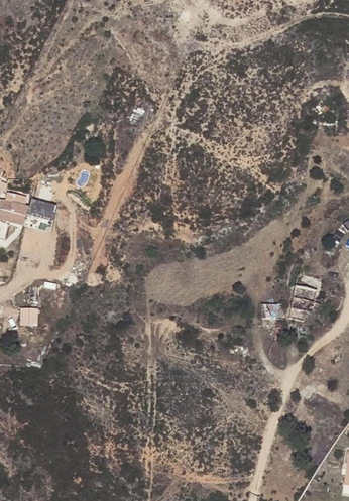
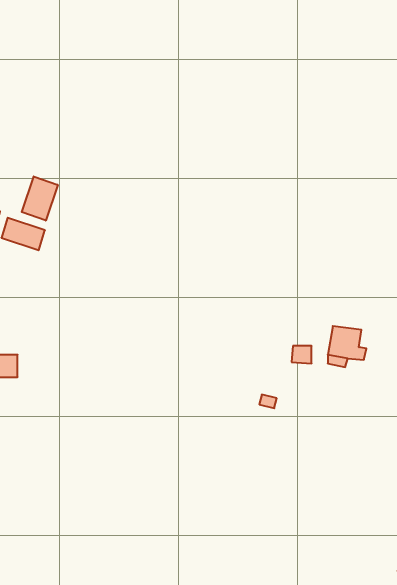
building: none -> [22,176,58,221]

